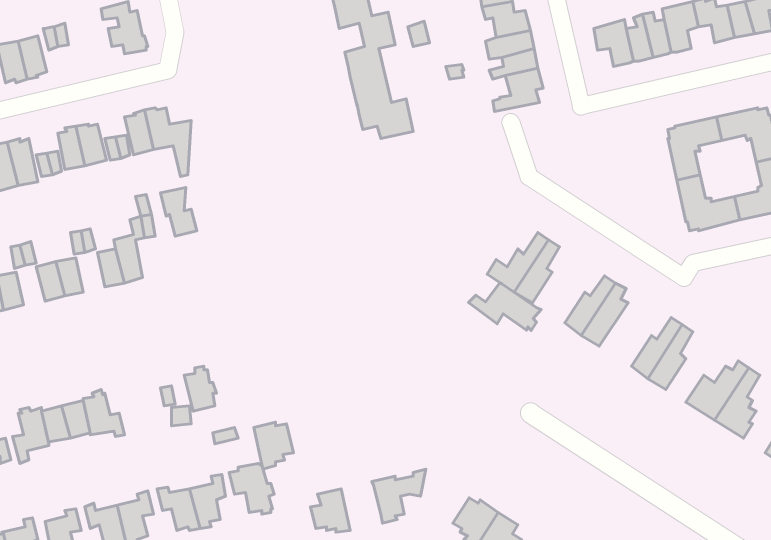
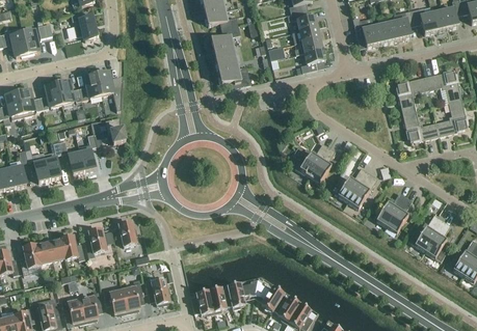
building: [468,283,541,330] -> none
building: none -> [85,226,106,257]
building: [254,422,294,469] -> [209,286,232,313]
building: none -> [255,278,284,312]

